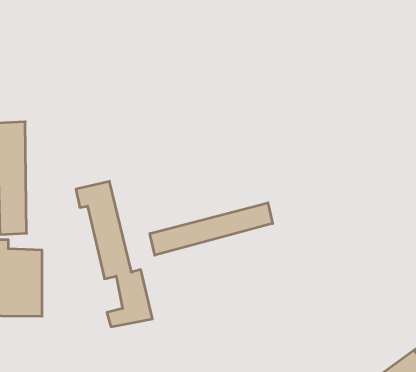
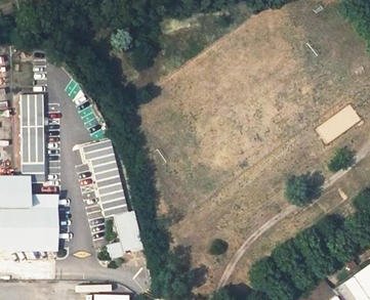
building: [150,203,273,255] -> none

